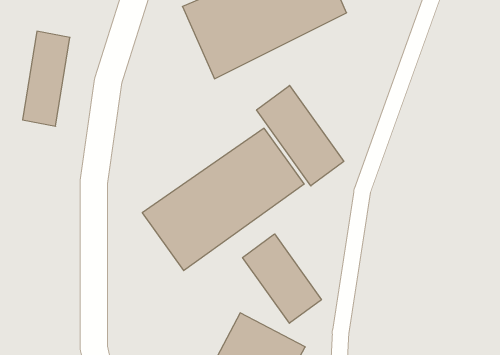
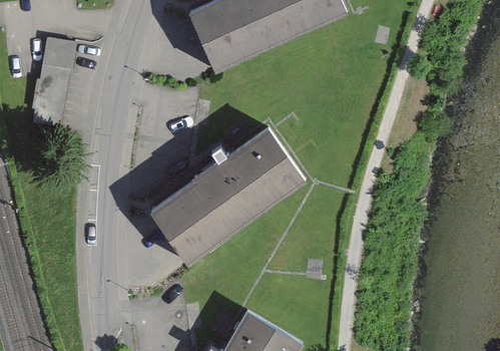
building: [257,85,344,186] -> none
building: [243,234,321,323] -> none

